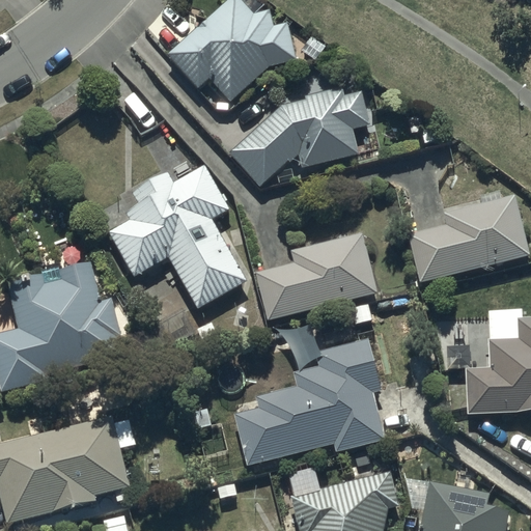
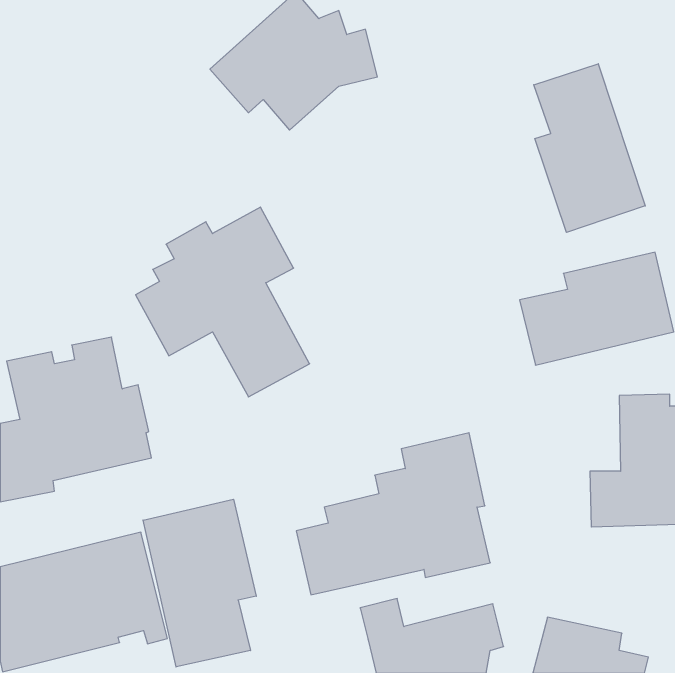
building: none -> [534,64,645,232]
building: [230,88,368,187] -> none
building: [255,232,376,318] -> none
building: none -> [143,499,256,667]

